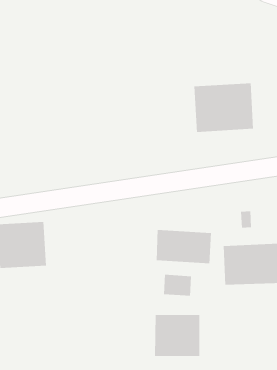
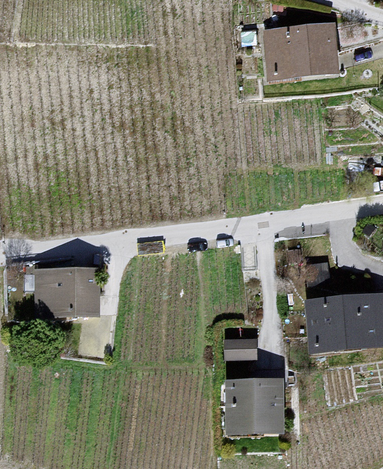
building: [194,83,254,132] -> [267,23,339,82]
building: [156,229,212,264] -> none

